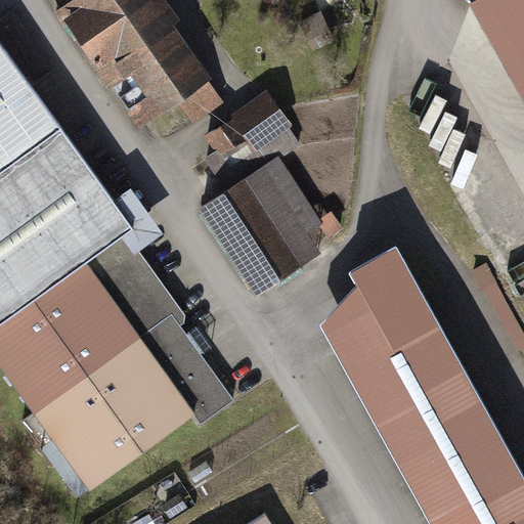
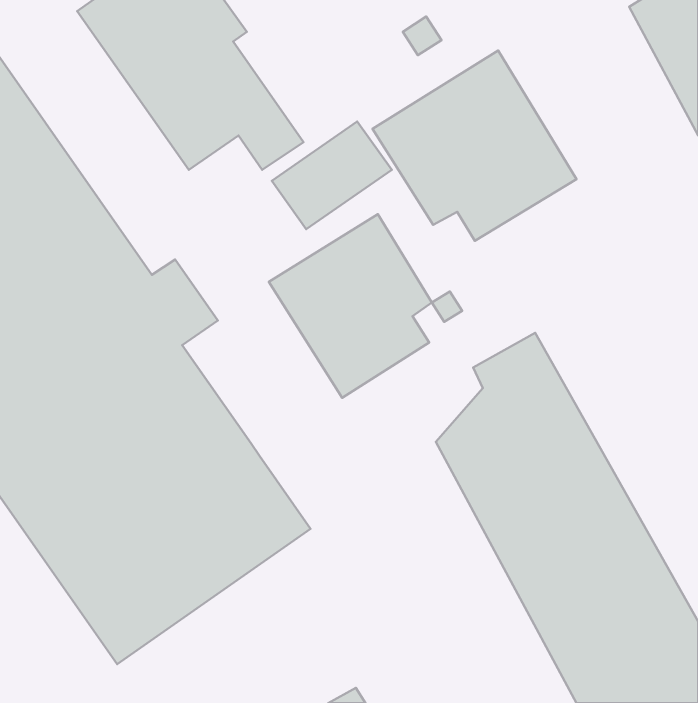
building: none -> [372,51,576,241]

